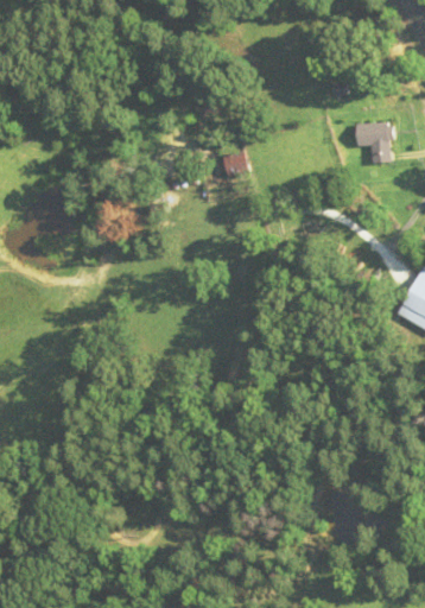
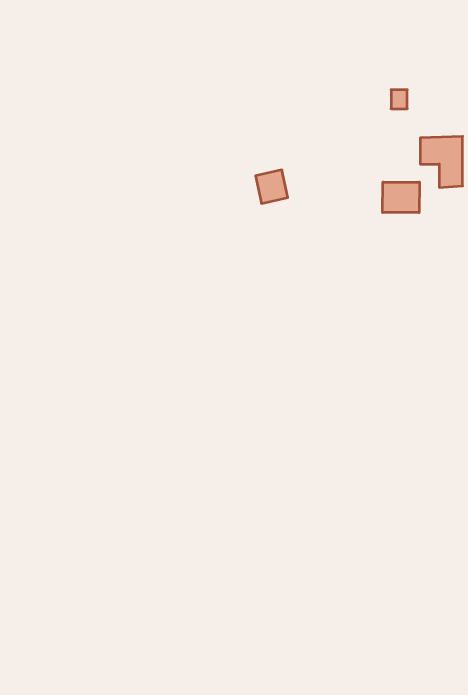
building: none -> [383,182,419,213]

